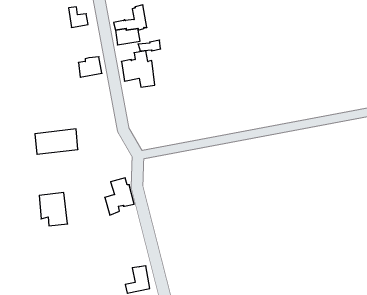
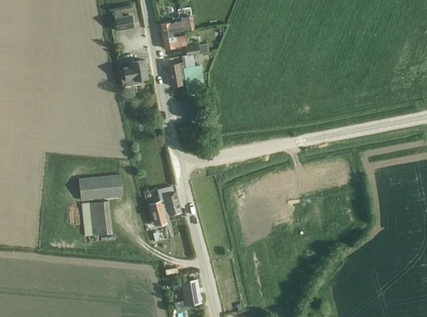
building: [35,129,78,154] -> [78,175,122,201]

